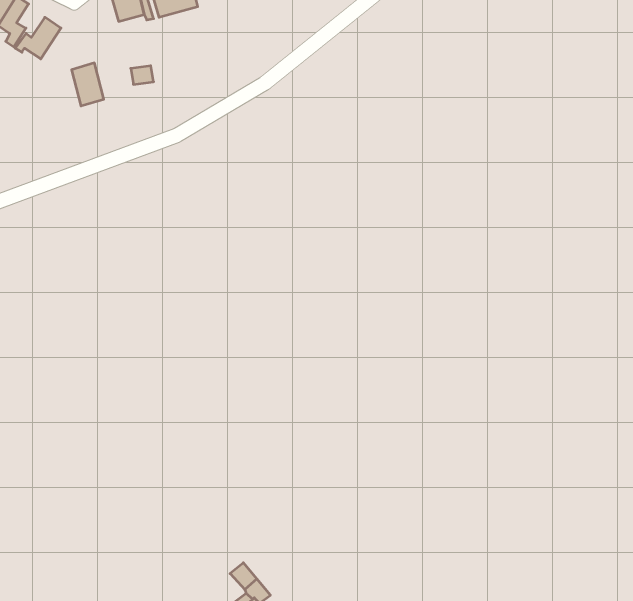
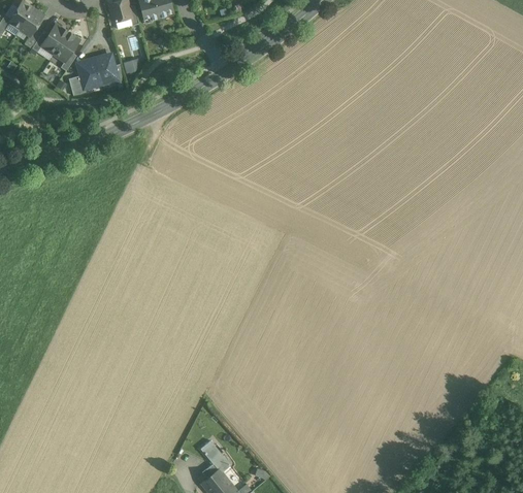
building: none -> [53,30,81,70]
building: none -> [94,53,119,85]

